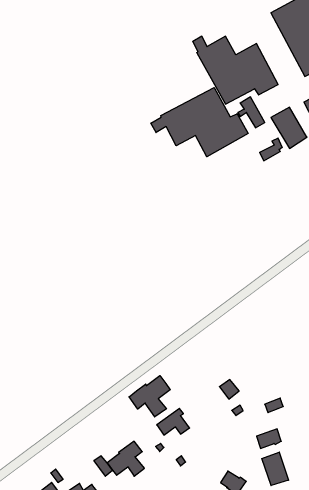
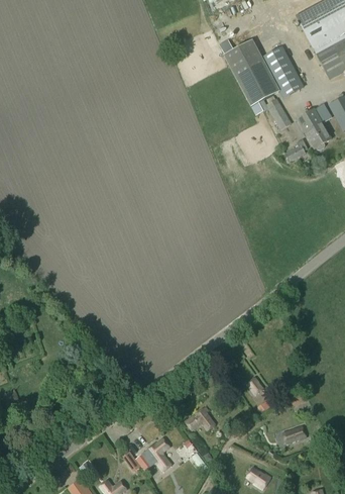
building: [151,88,248,157] -> none
building: [129,376,170,417] -> none
building: [262,452,289,486] -> none

